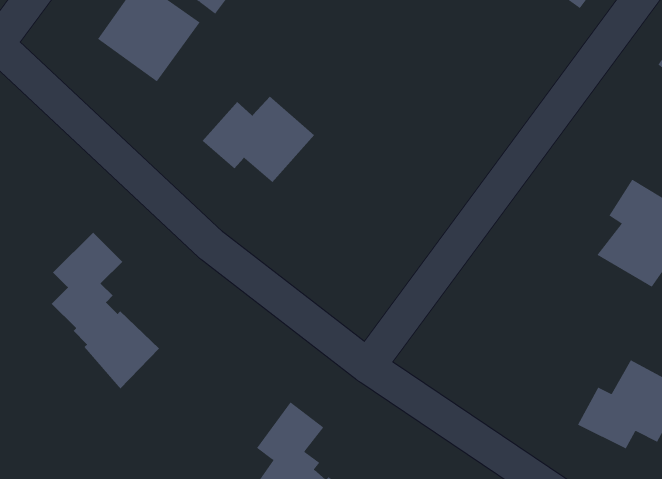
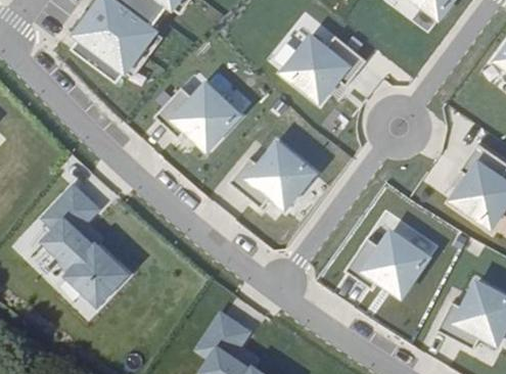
building: none -> [284,35,368,101]
building: none -> [232,142,317,207]
building: none -> [346,229,427,293]

